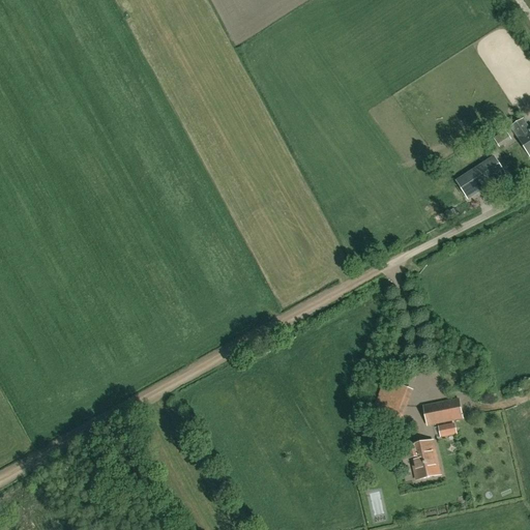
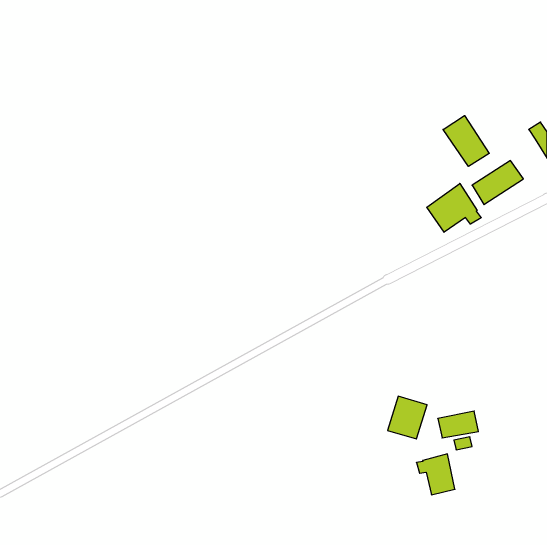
building: none -> [443,116,489,166]
building: none -> [427,183,481,232]

